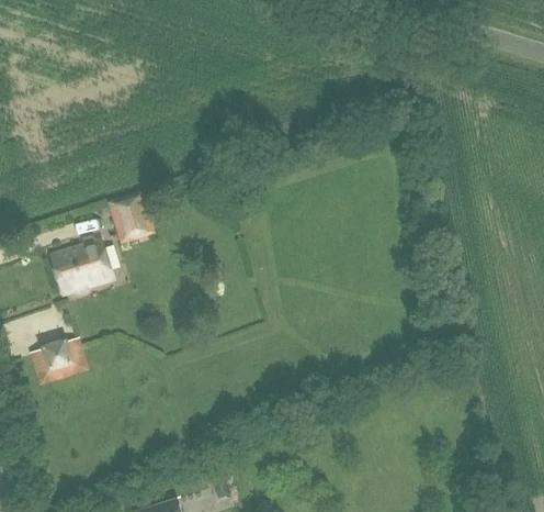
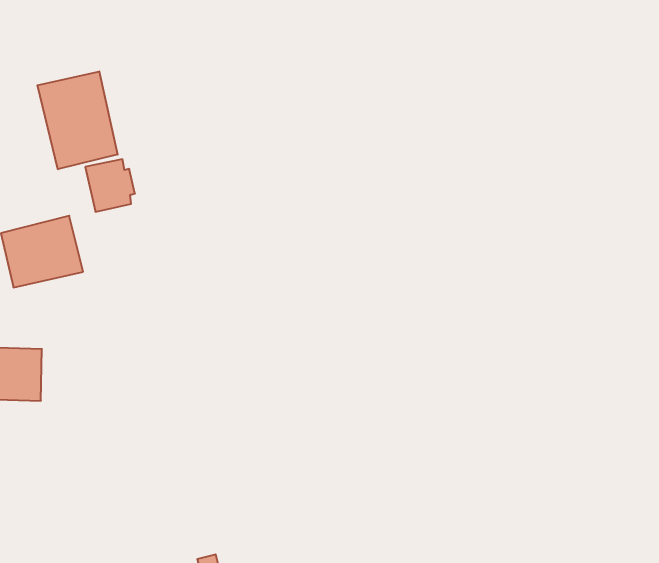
building: none -> [37,71,118,169]

